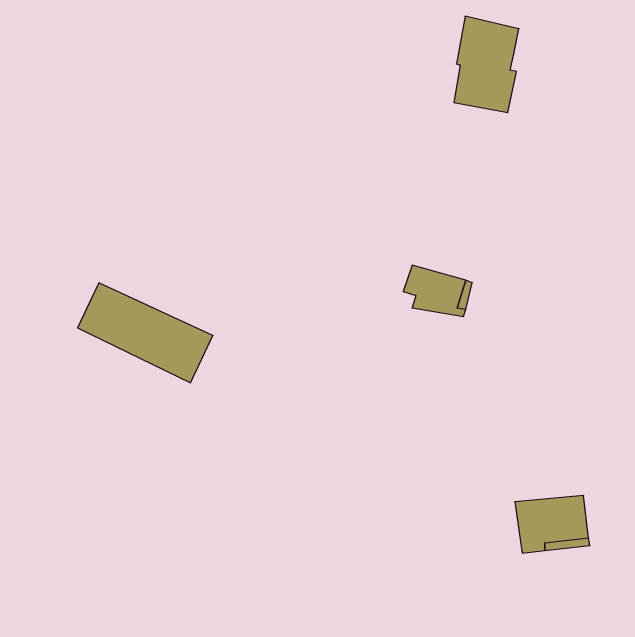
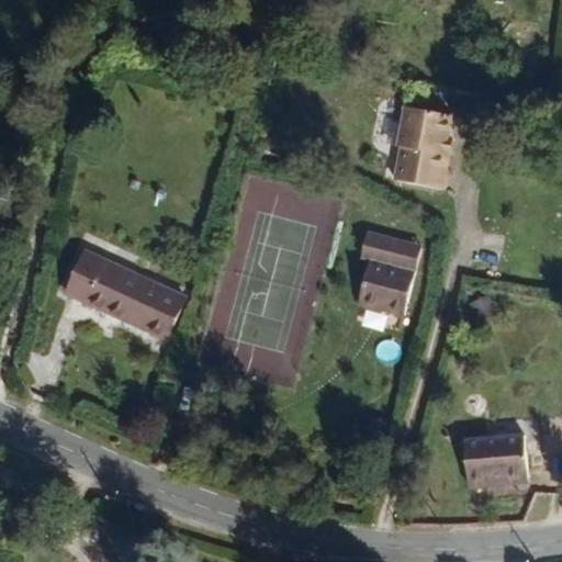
building: [454,16,519,113] -> [393,105,450,190]
building: none -> [355,270,411,317]

